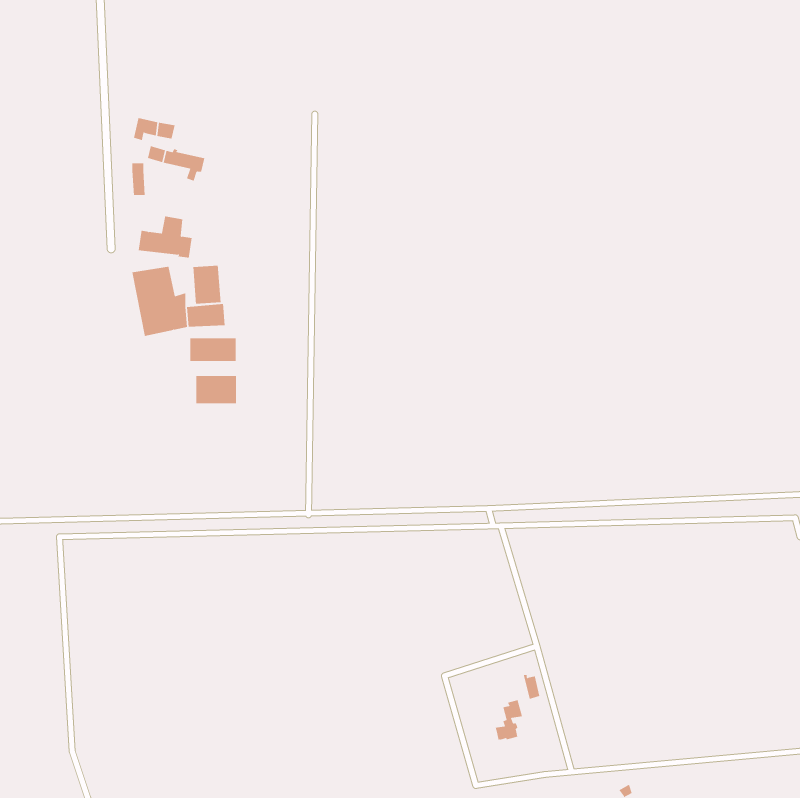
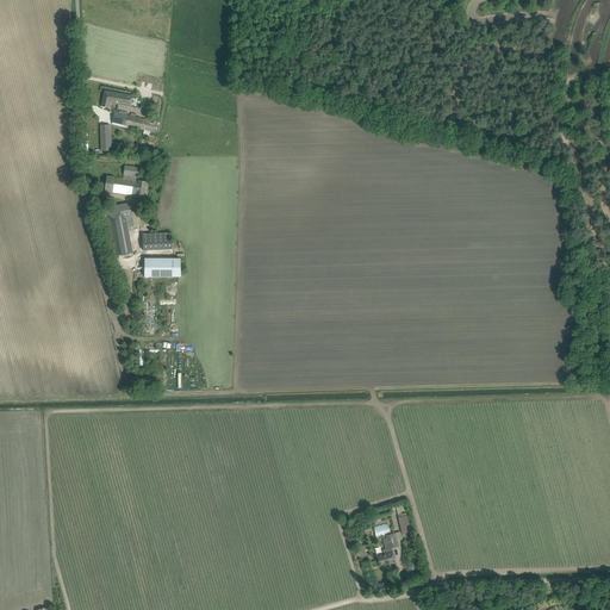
building: [193,265,221,305] -> none
building: [196,375,237,404] -> none

